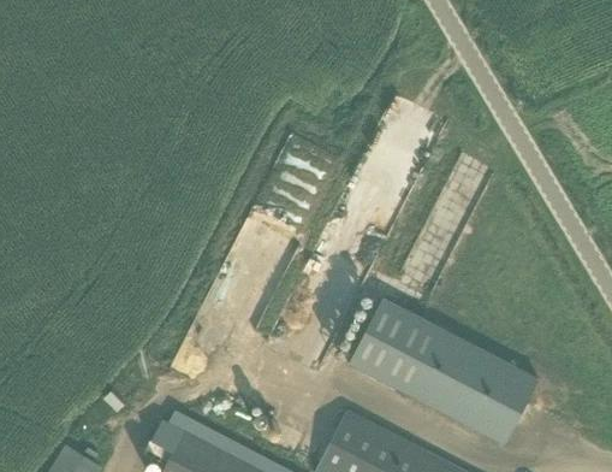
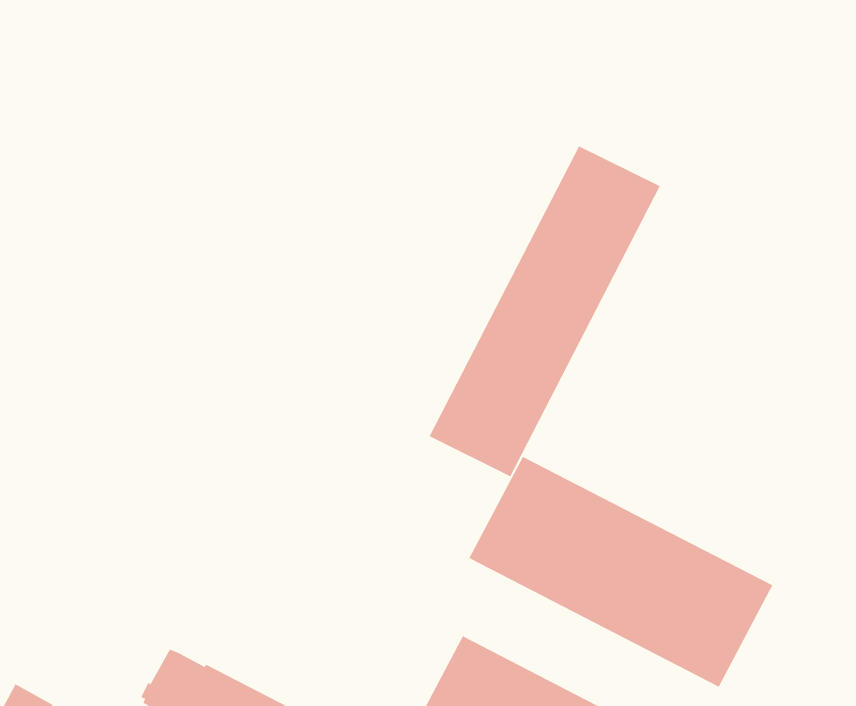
building: none -> [429,145,661,477]

